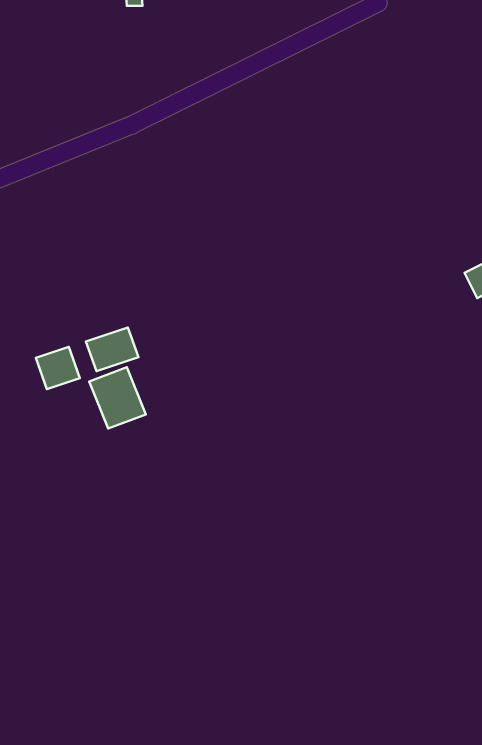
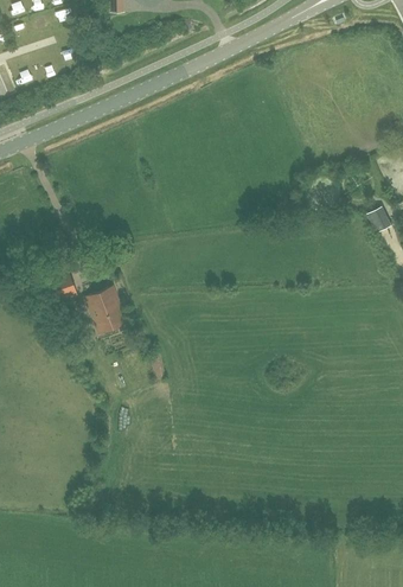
building: [86,327,139,371] -> none

